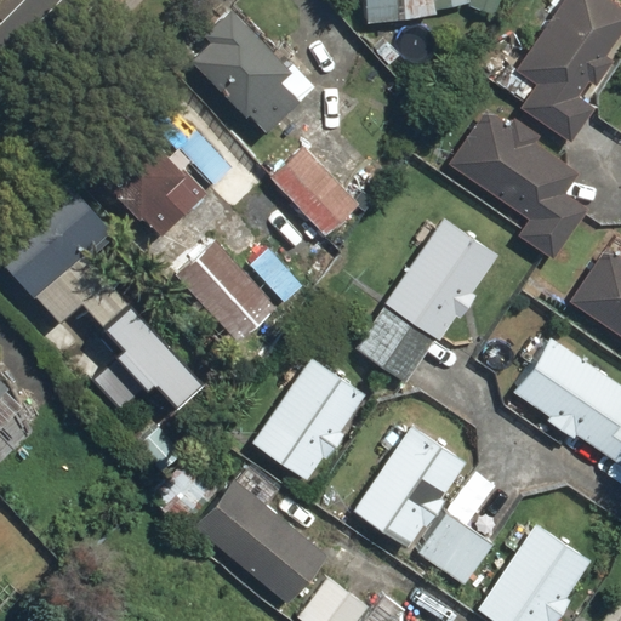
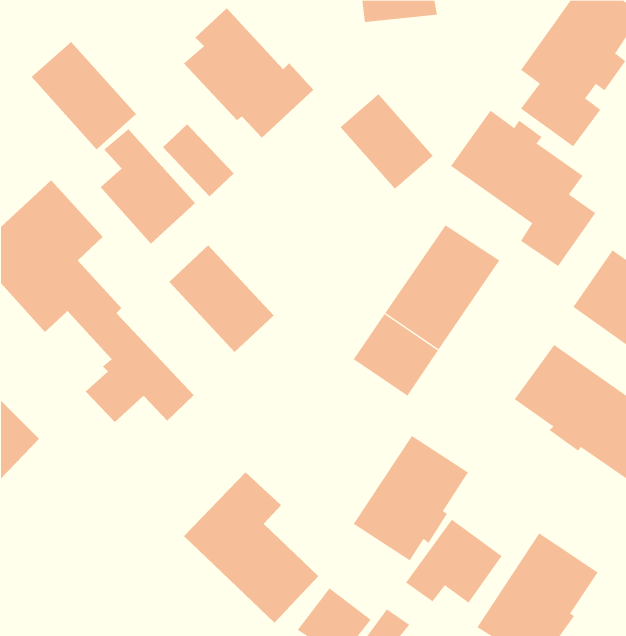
building: none -> [31,41,137,150]
building: [272,146,363,239] -> [340,94,434,190]
building: [252,355,368,482] -> none

